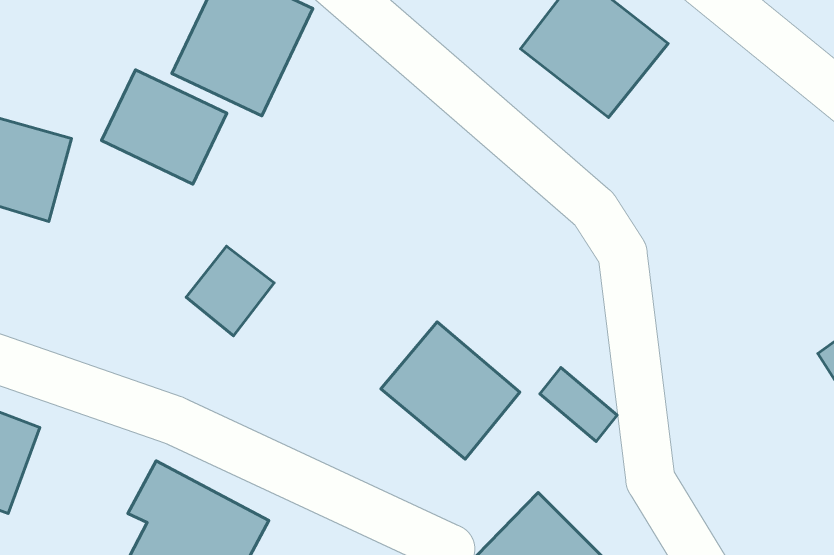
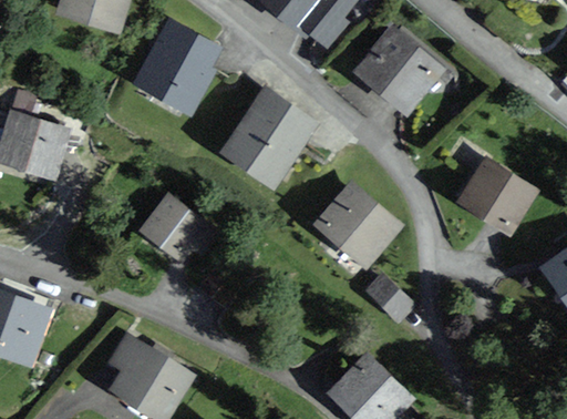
building: [101,70,227,184] -> none
building: none -> [219,88,318,190]
building: none -> [458,156,538,232]
building: [381,322,520,459] -> [315,181,402,267]

